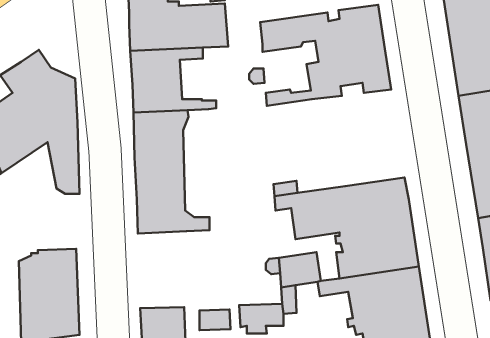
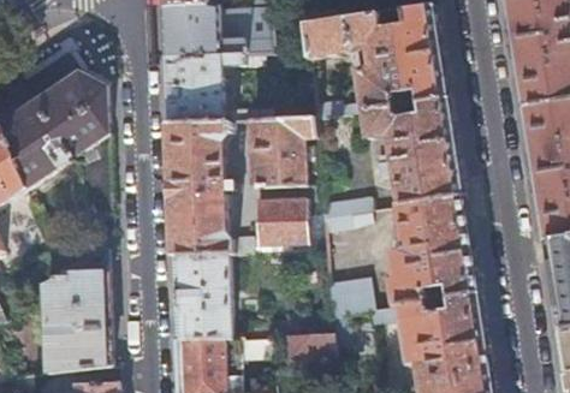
building: none -> [361,99,462,204]
building: none -> [248,117,313,187]
building: none -> [253,196,308,245]
building: none -> [171,254,228,338]

